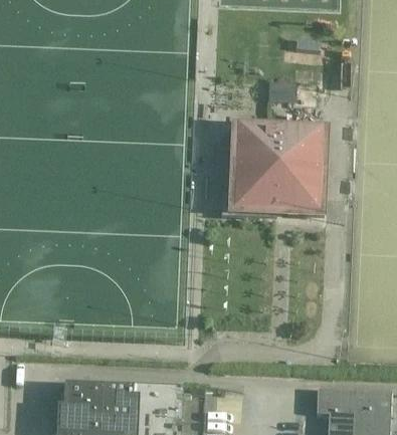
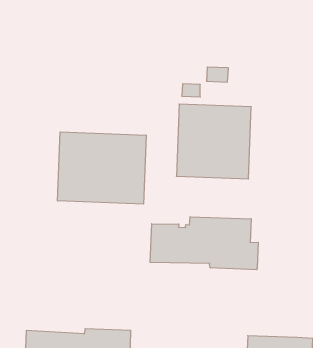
building: none -> [58,132,146,204]
building: none -> [150,217,258,270]

